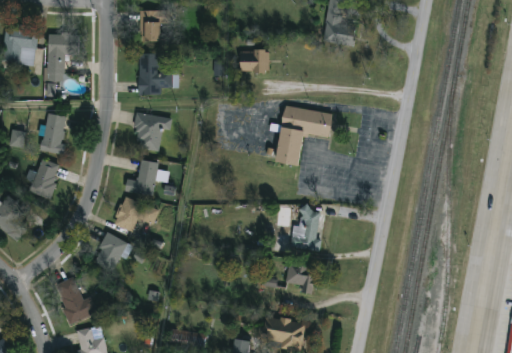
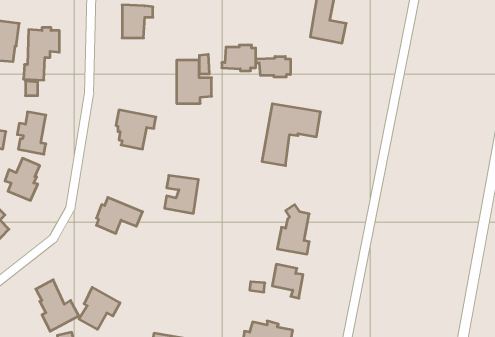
building: [138,52,172,94] -> [177,60,212,103]
building: none -> [256,56,290,77]
building: [124,158,157,195] -> [165,175,198,213]
building: [93,231,133,272] -> [79,287,120,329]

